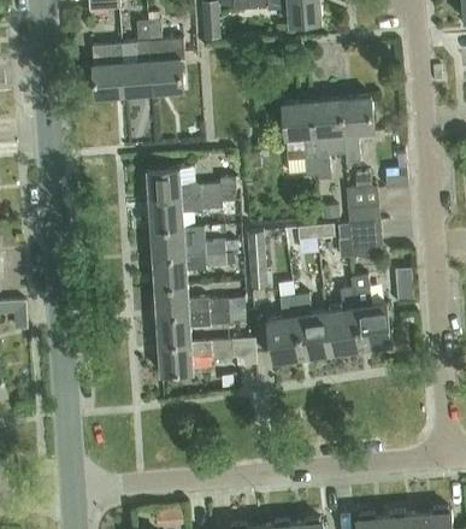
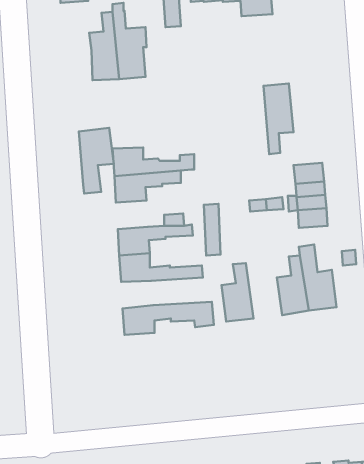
building: [93,45,125,99] -> none
building: [340,98,372,164] -> none
building: [283,102,318,178] -> none
building: none -> [79,128,114,193]
building: [151,228,185,259] -> none
building: [293,294,332,357] -> none
building: [157,312,246,346] -> none

